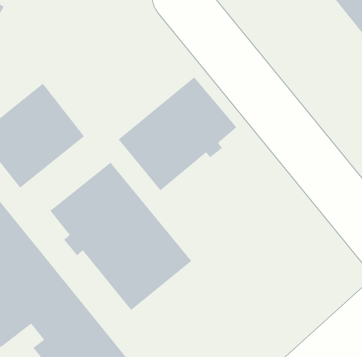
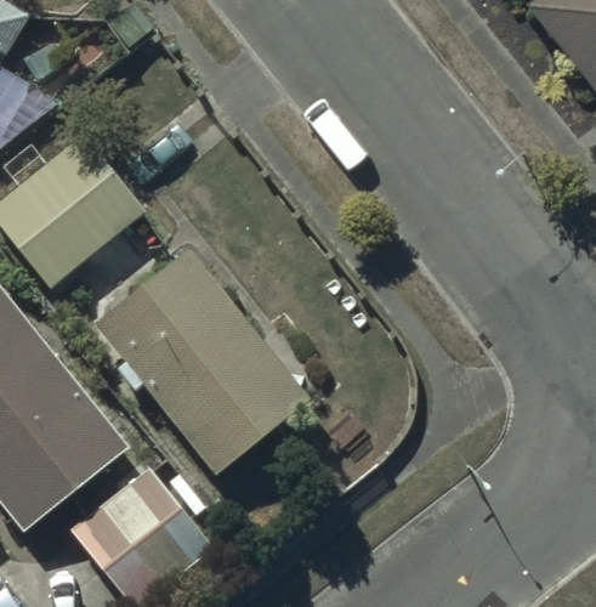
building: [118,76,237,191] -> none

